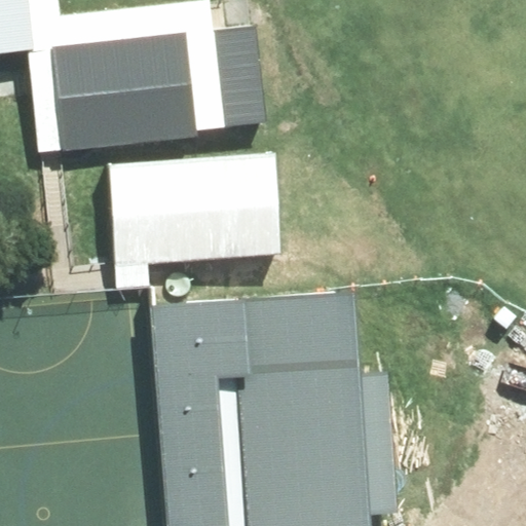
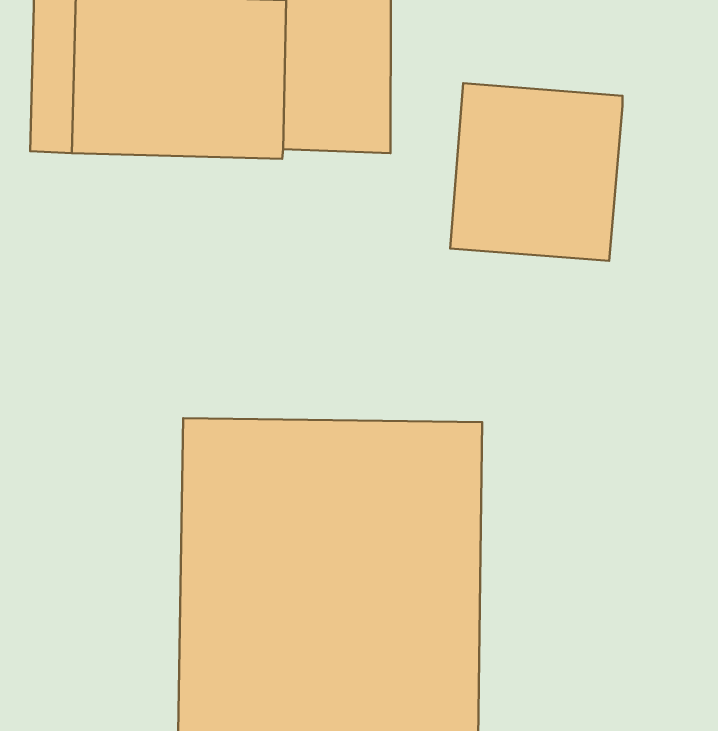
building: none -> [450,83,622,261]
building: [119,156,275,265] -> none

